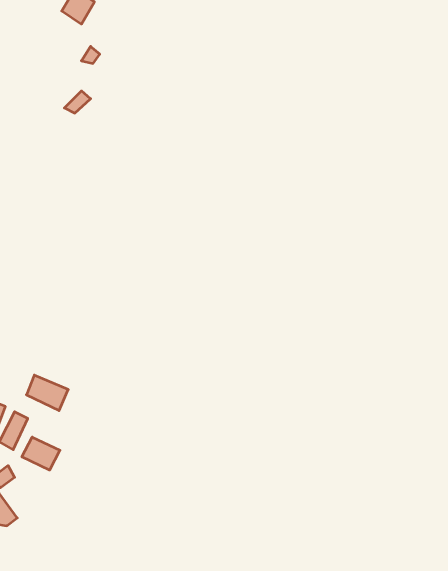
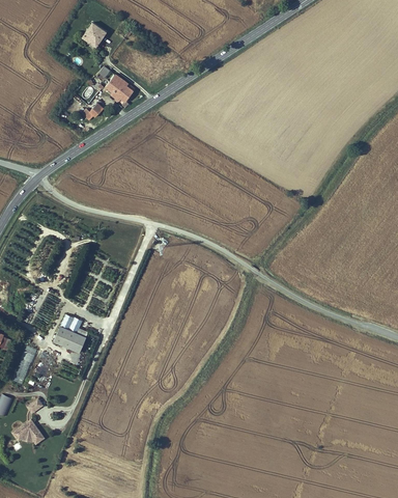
building: none -> [104,73,136,105]
building: [22,437,60,470] -> none

